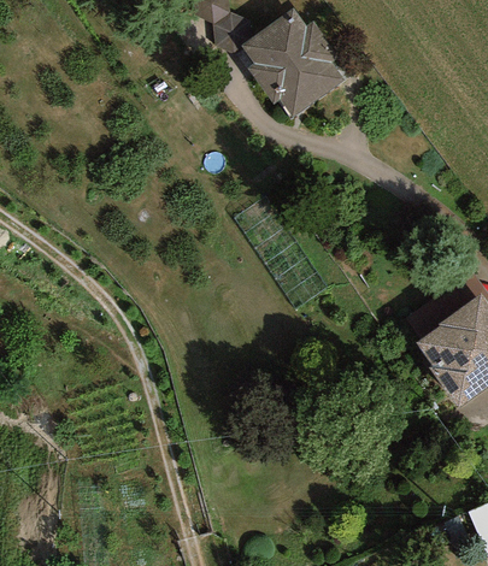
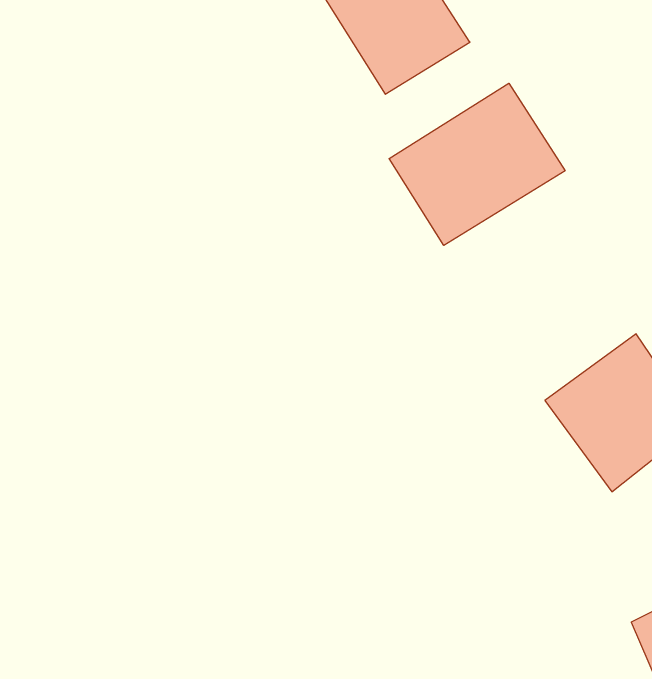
building: none -> [389,83,565,245]

